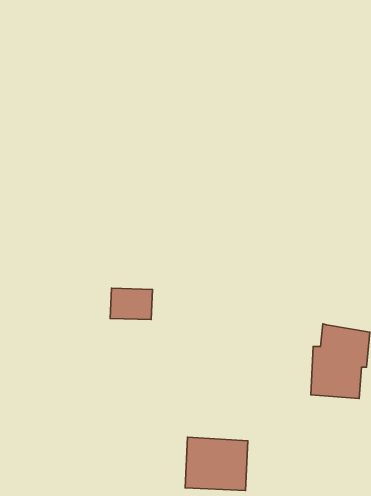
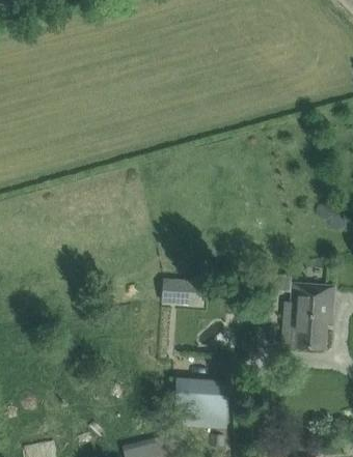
building: [110,288,152,320] -> [163,278,199,305]

